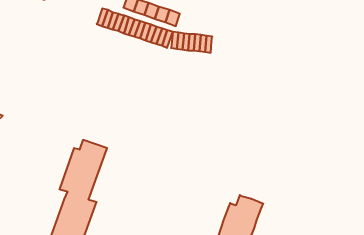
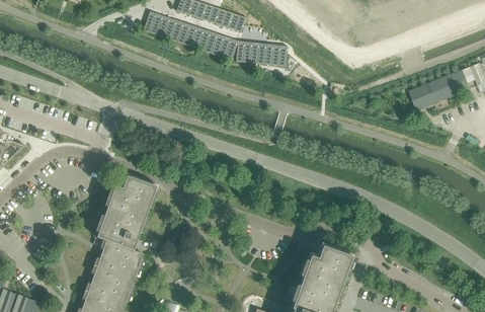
building: none -> [410,70,470,107]

